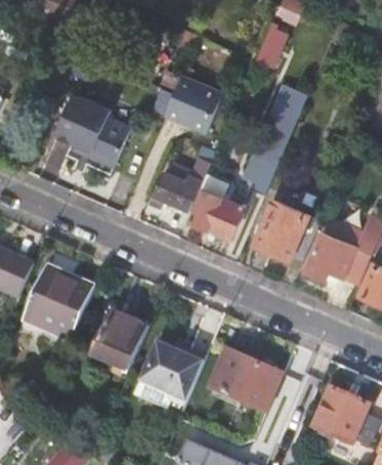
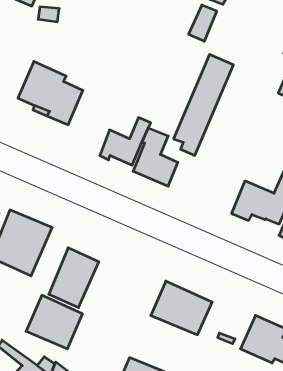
building: [163,75,221,132] -> none
building: [252,194,328,260] -> none
building: [136,341,202,404] -> [26,295,82,349]

